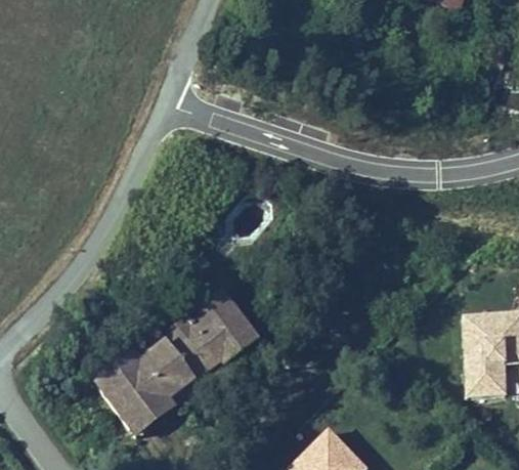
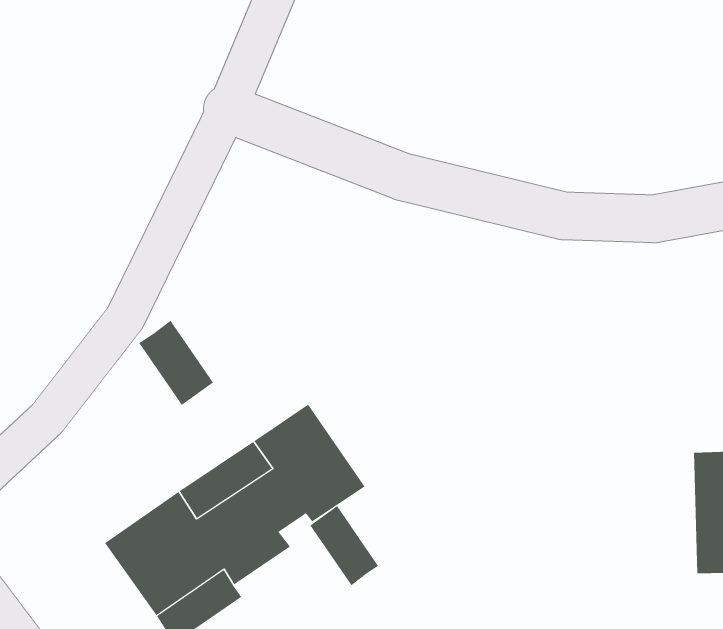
building: none -> [139,320,214,406]
building: none -> [310,505,379,586]

